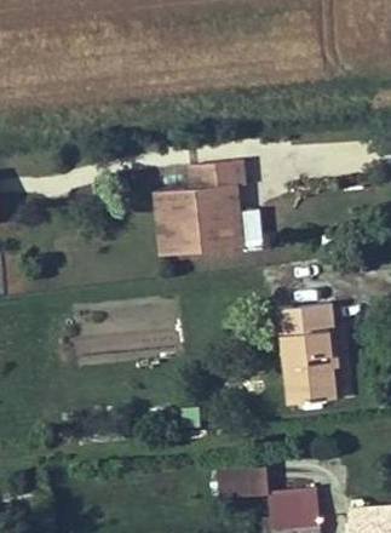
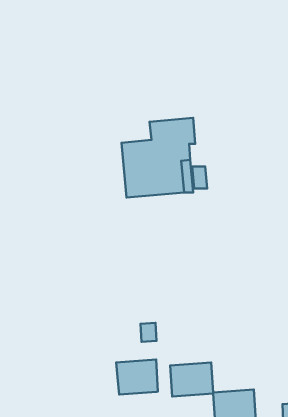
building: [278,303,338,405] -> none
building: none -> [116,360,158,394]

